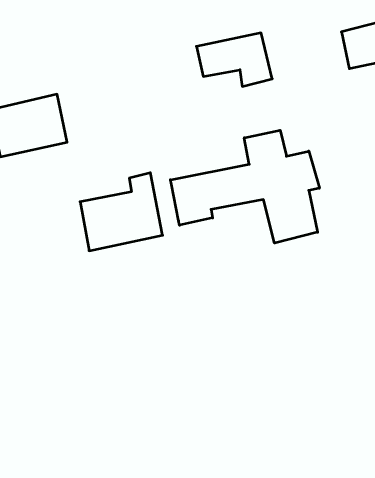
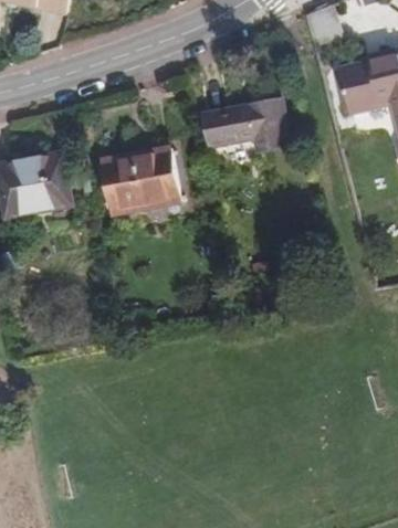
building: [170,130,319,243] -> none
building: [80,173,163,251] -> [96,124,178,201]

